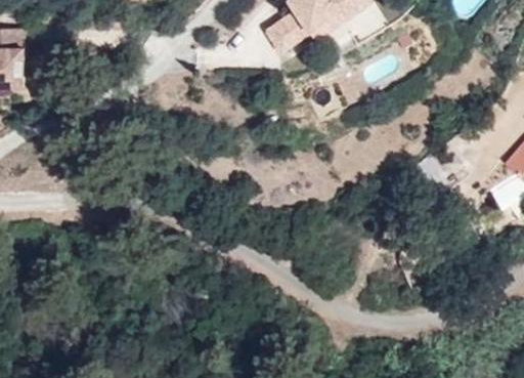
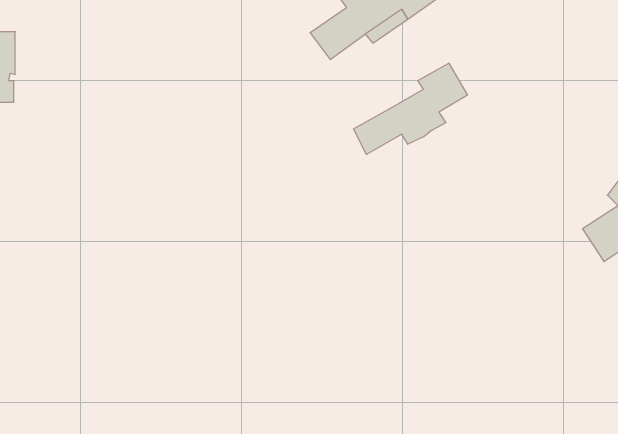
building: none -> [354,63,468,155]

